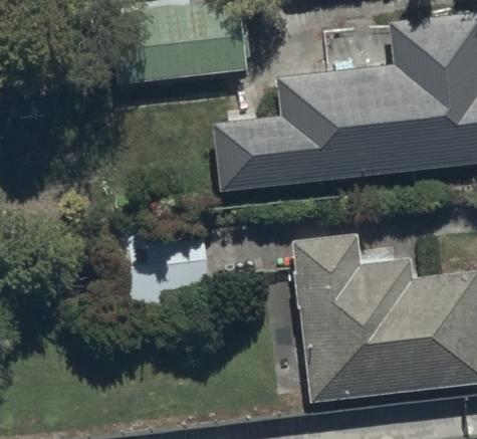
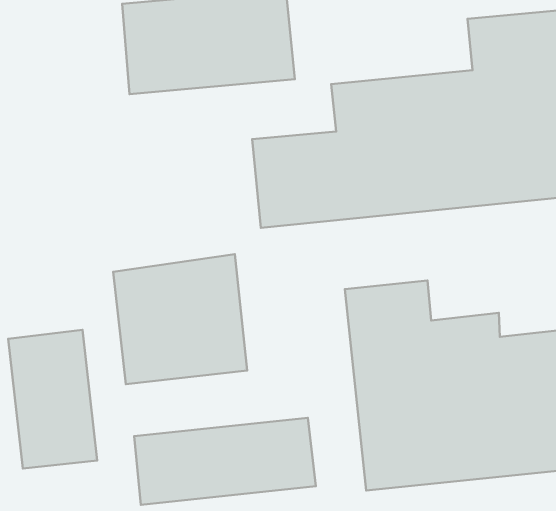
building: none -> [8,330,97,469]
building: none -> [134,418,316,505]

